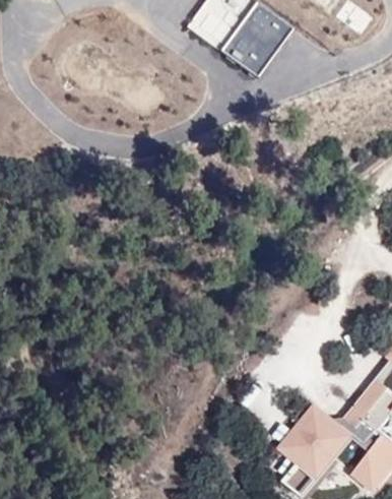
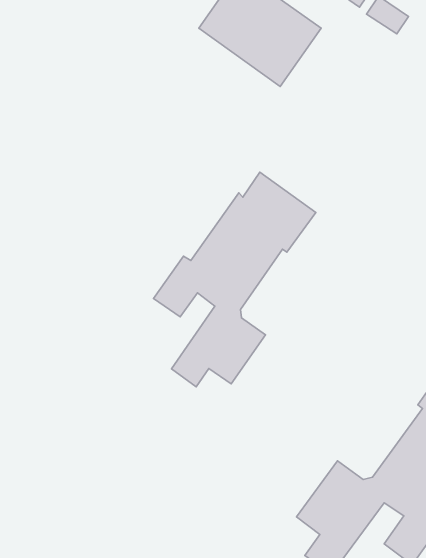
building: none -> [153,172,316,387]

